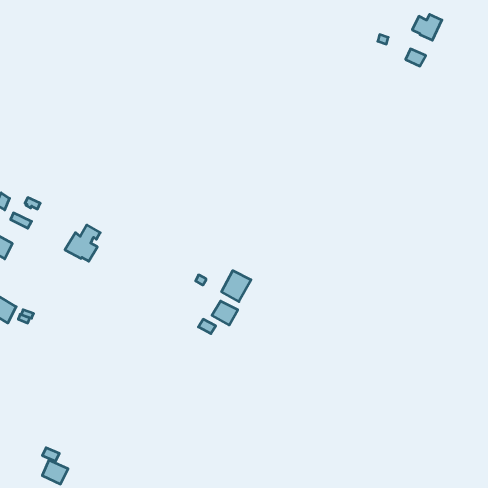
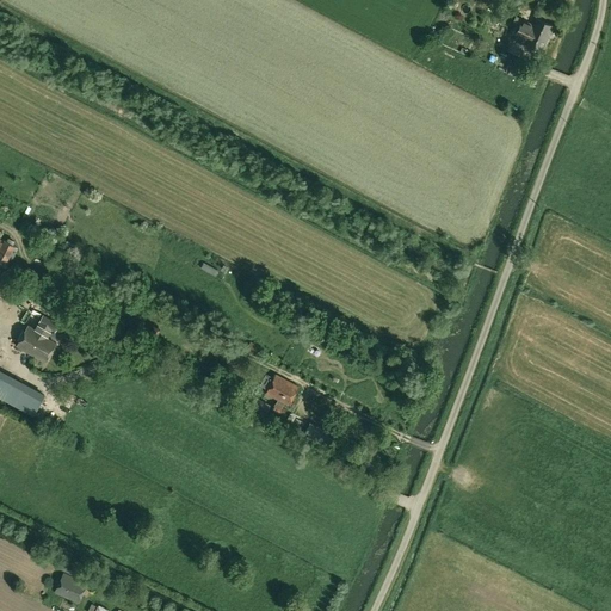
building: [65,225,100,261] -> [13,317,57,363]
building: [222,271,251,302] -> none

